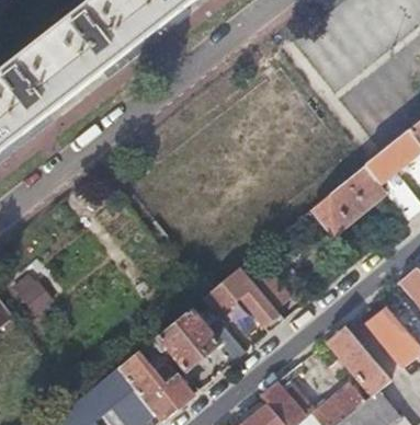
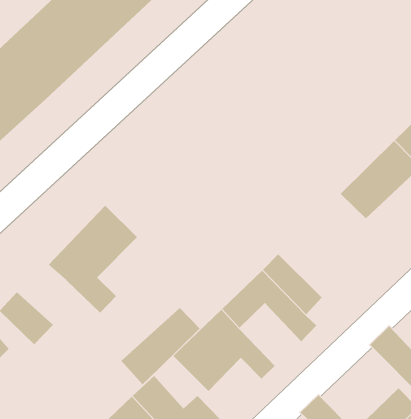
building: none -> [48,205,138,313]
building: none -> [121,307,200,385]

